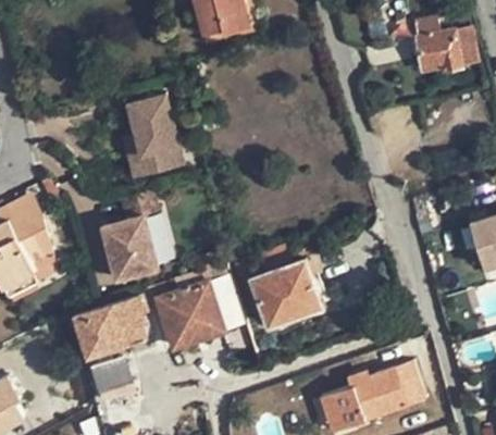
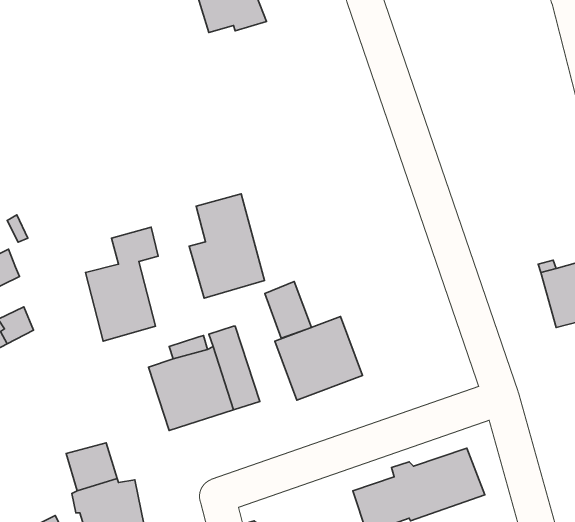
building: [411,18,476,71] -> none
building: [126,96,186,178] -> [189,194,265,298]
building: none -> [265,282,311,338]
building: [76,298,144,358] -> none

